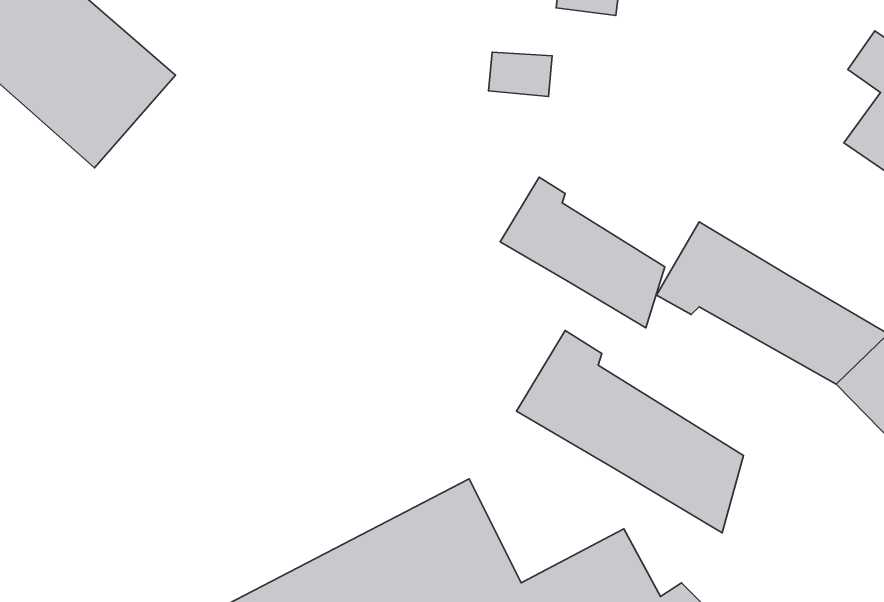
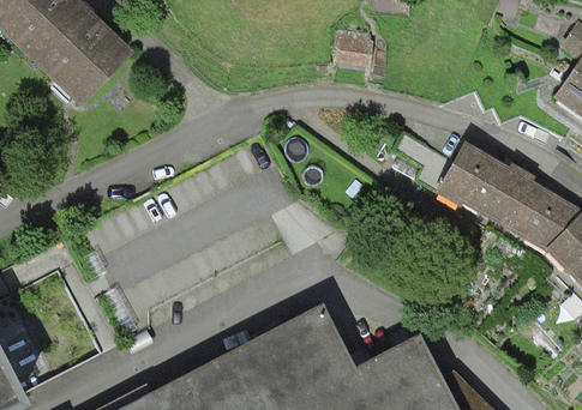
building: [500,177,665,328] -> none
building: [516,331,744,533] -> none

